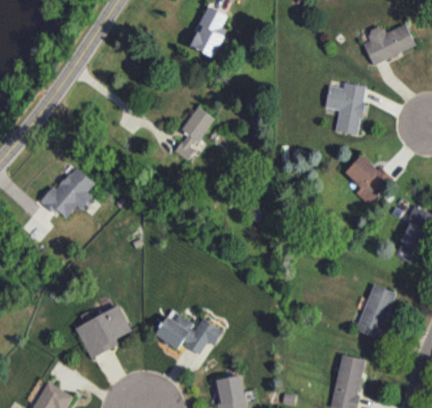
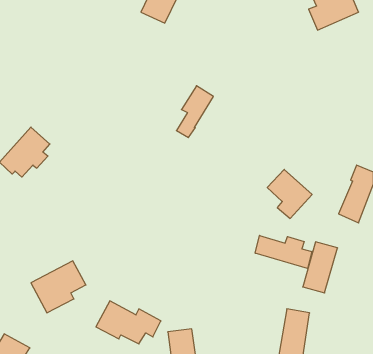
building: [324,82,366,135] -> none
building: [174,106,213,160] -> [176,86,213,138]
building: [344,154,390,205] -> [267,169,312,218]
building: none -> [255,235,312,268]
building: [155,309,222,354] -> [96,301,161,344]

